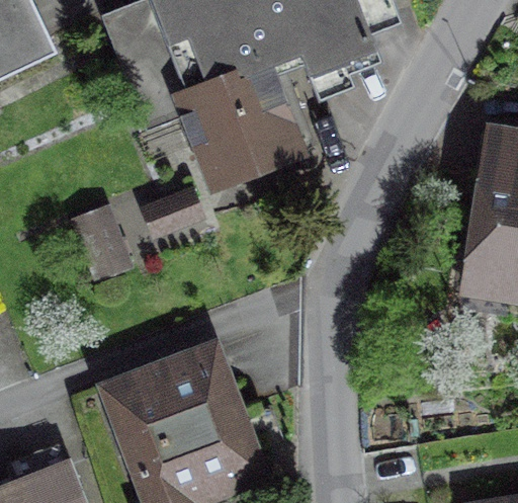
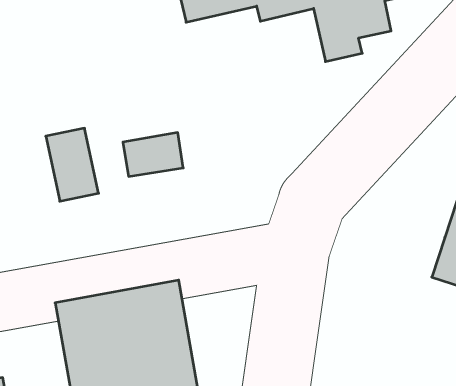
building: [172,59,290,186] -> none

